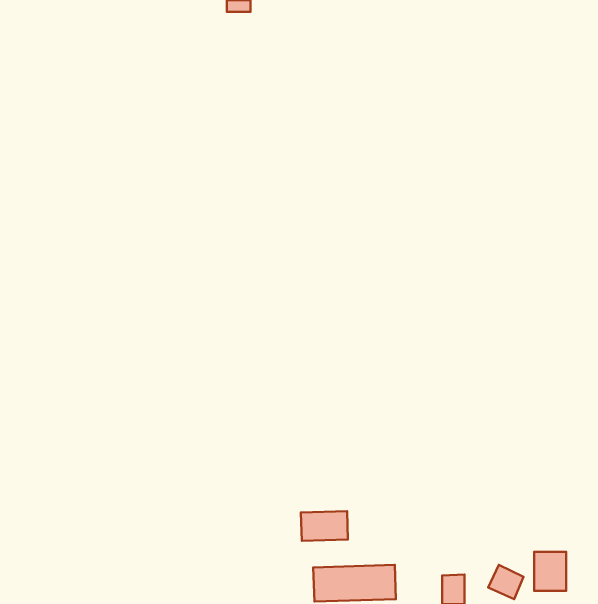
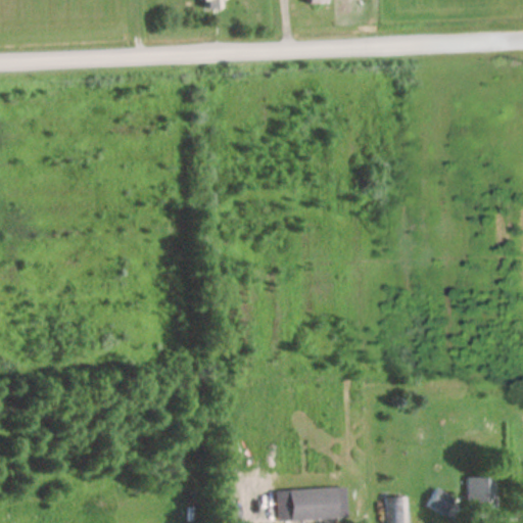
building: [301,511,348,541] -> none

